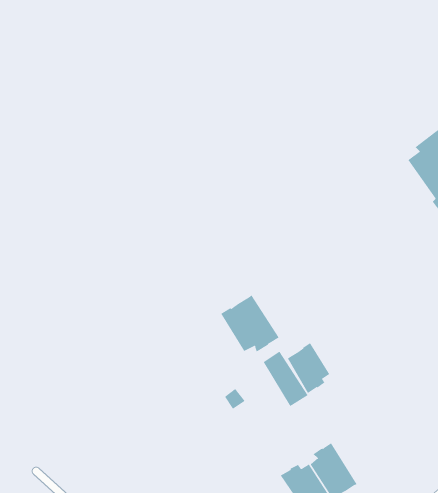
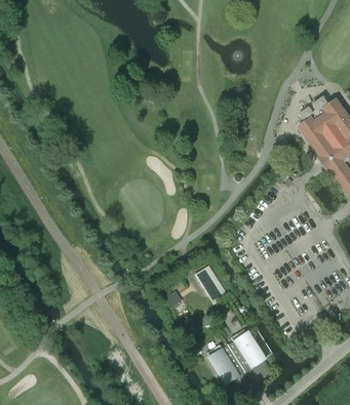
building: [219,295,279,353] -> none
building: [287,341,331,394] -> none

